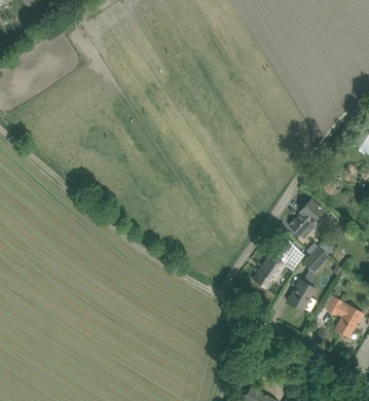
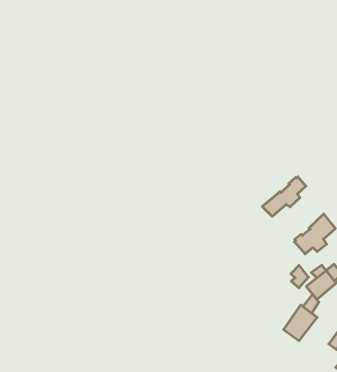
building: none -> [262,177,306,216]
building: [252,252,287,290] -> none

